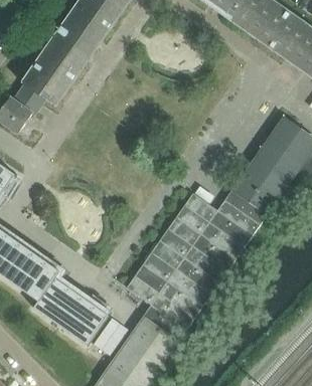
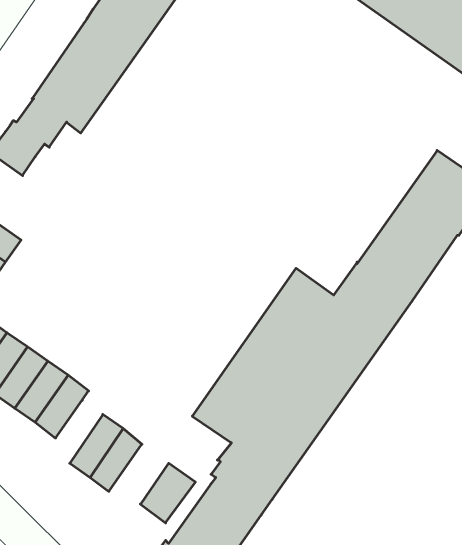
building: [34,276,68,317] -> none
building: [72,305,108,344] -> none

